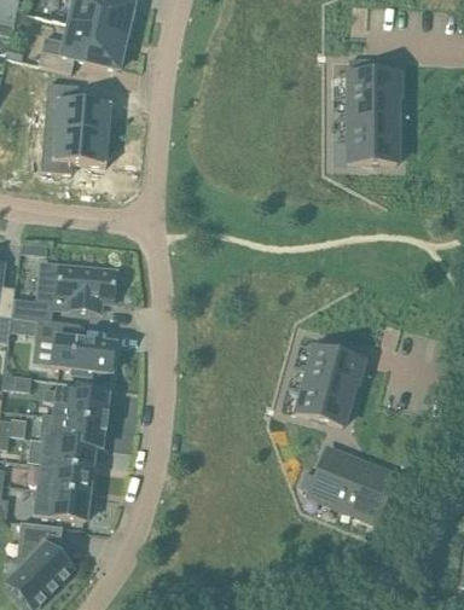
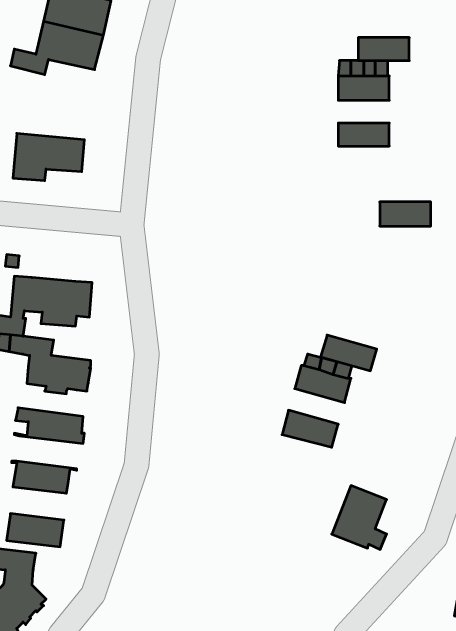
building: [44,82,110,134] -> none
building: [348,97,396,118] -> [358,38,409,61]
building: [348,140,396,163] -> [380,202,431,226]
building: [301,370,354,403] -> [321,335,377,371]
building: [39,413,106,446] -> none
building: [298,447,360,507] -> none
building: [37,463,91,494] -> none

